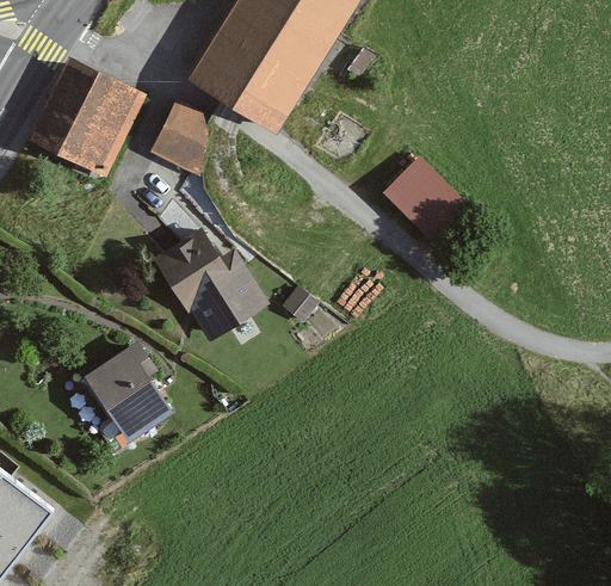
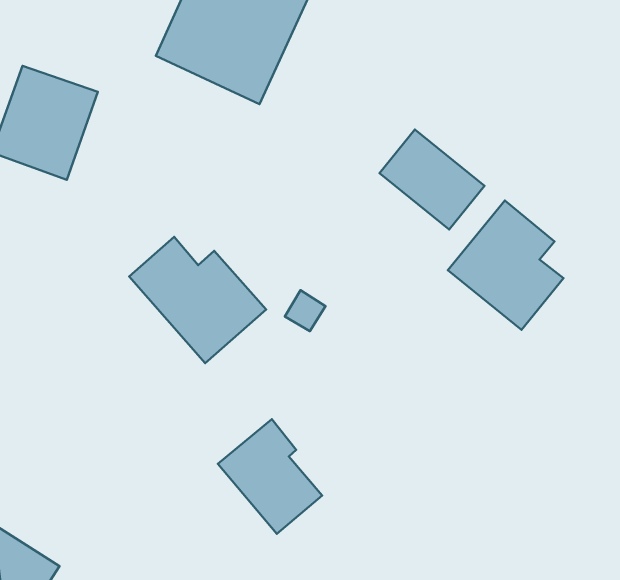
building: [158,100,205,168] -> none
building: none -> [448,200,563,330]
building: [79,343,167,444] -> [218,419,322,534]

